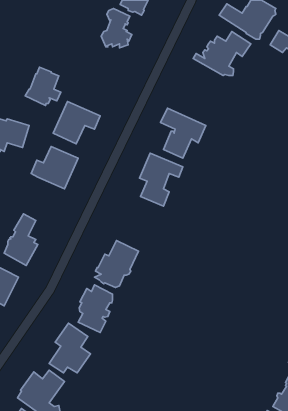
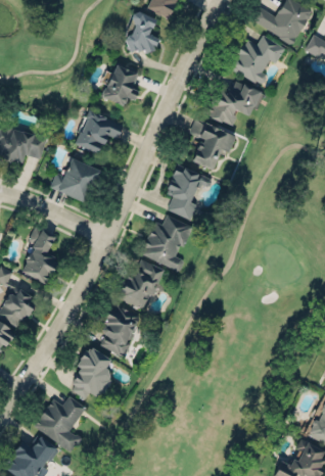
building: [25,67,61,106] -> [100,64,138,105]
building: none -> [203,82,262,127]
building: none -> [140,216,192,273]

